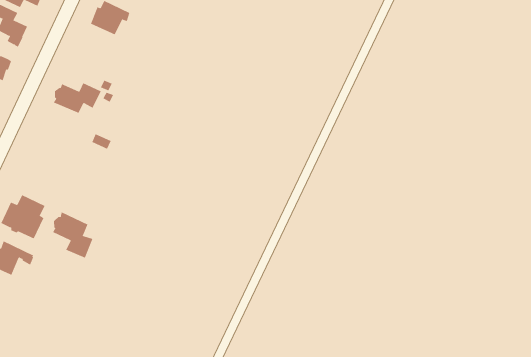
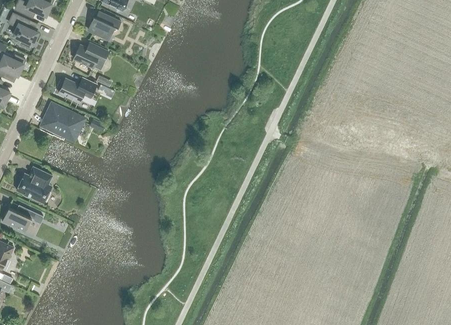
building: none -> [73,44,108,70]
building: none -> [42,104,83,140]
building: [52,212,93,259] -> none

